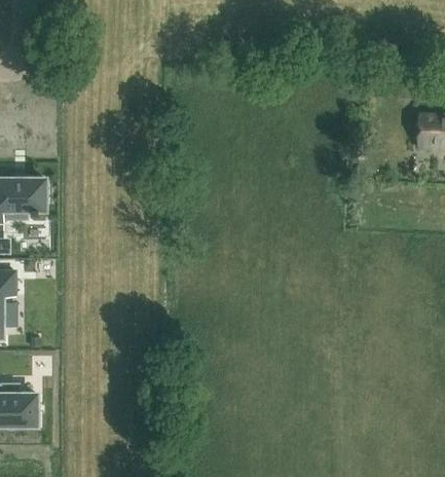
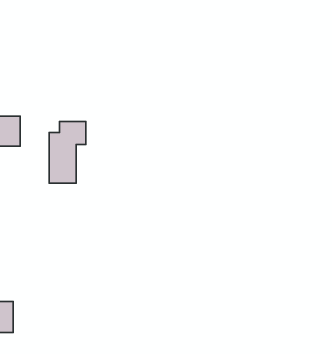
building: none -> [49,121,86,183]

